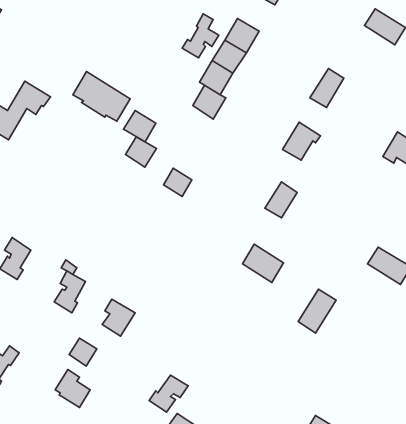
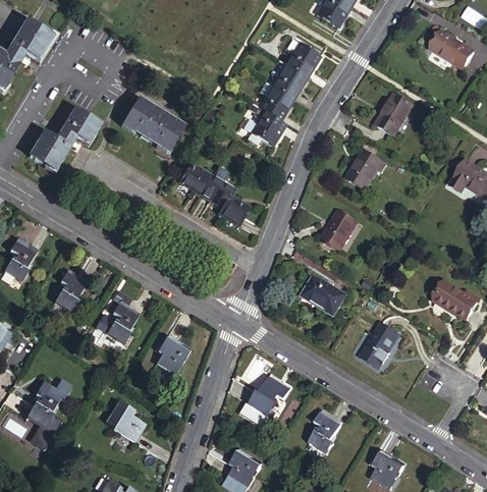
building: [182,14,219,58] -> none
building: [124,111,156,142] -> [202,176,235,209]
building: [69,338,97,366] -> none
building: none -> [308,407,342,454]
building: [149,375,188,412] -> [249,376,289,415]

